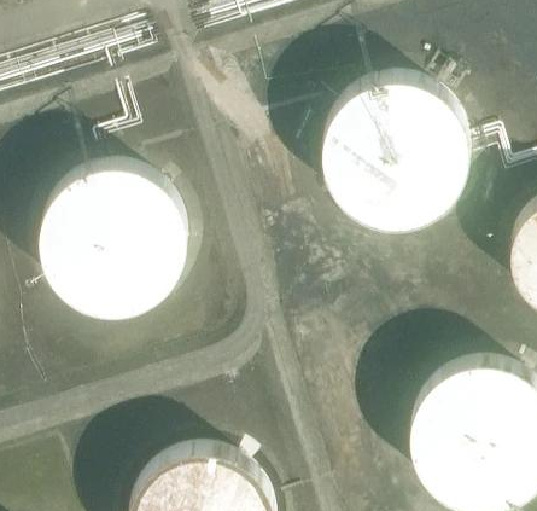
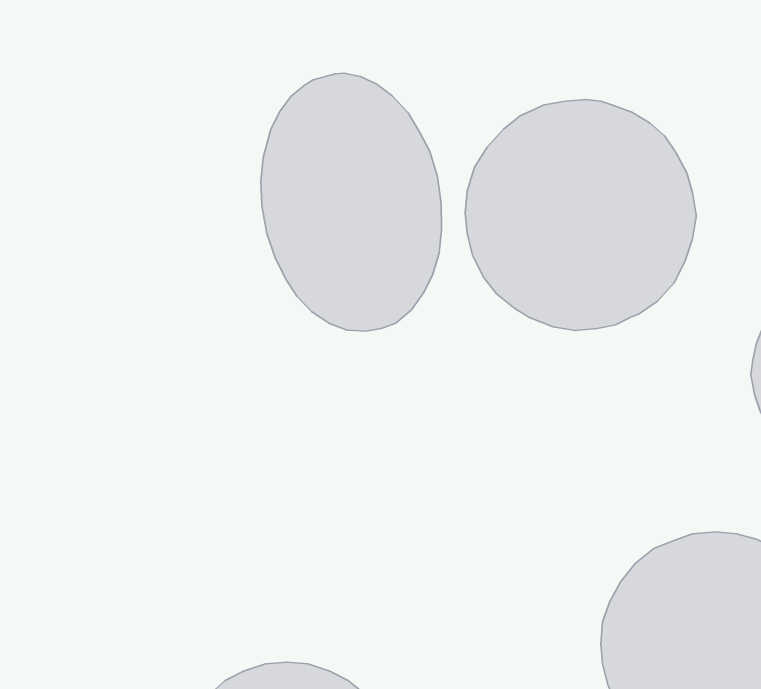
building: none -> [261,73,442,331]
building: [41,169,188,317] -> none

